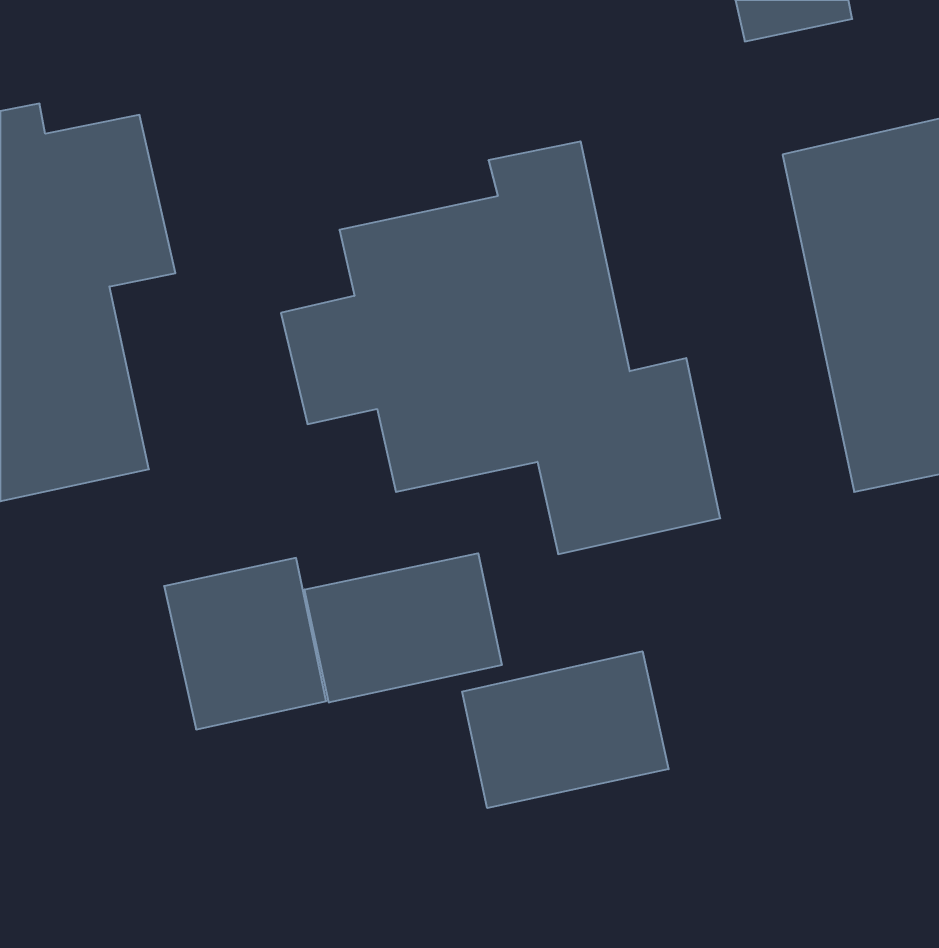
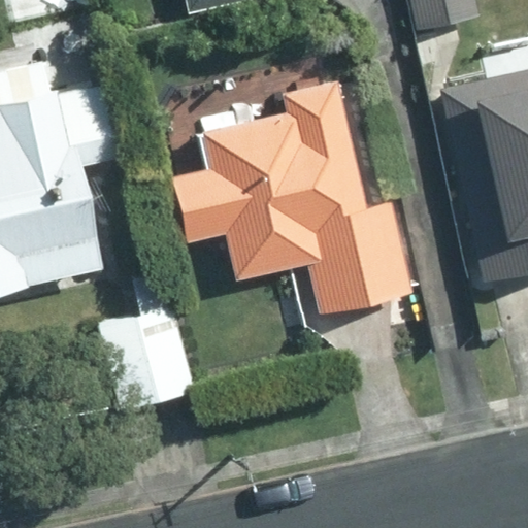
building: [305,553,502,703] -> none
building: [462,651,669,808] -> none

